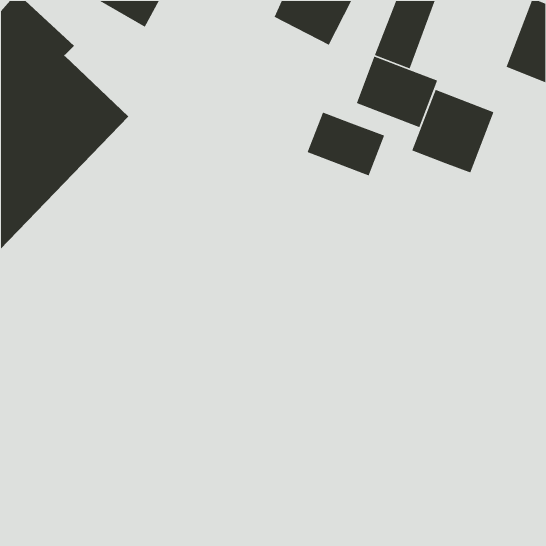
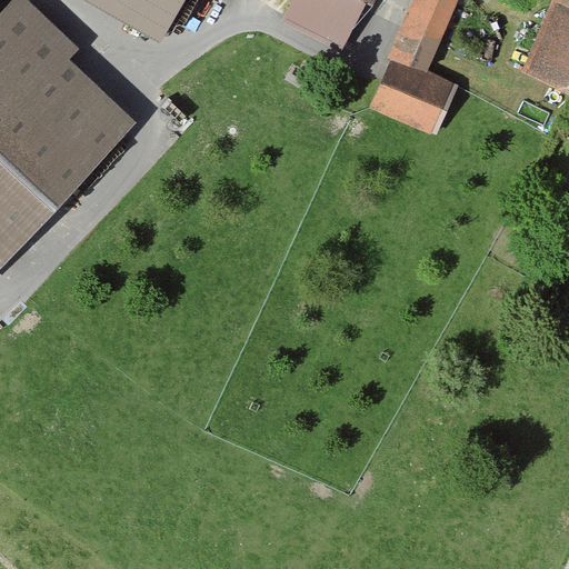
building: [411,89,495,174] -> none
building: [306,111,385,177] -> none

